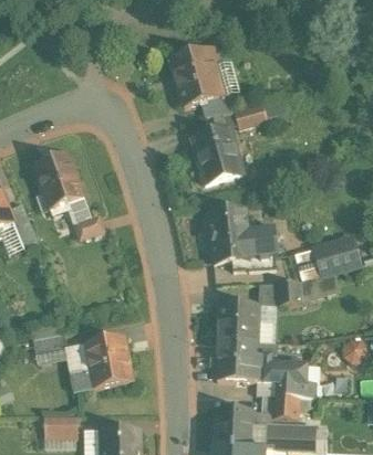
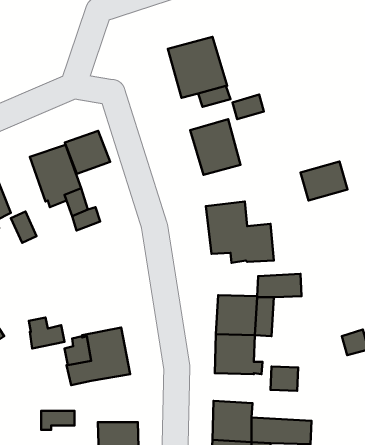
building: none -> [65,131,110,174]
building: [313,235,360,274] -> [301,162,347,200]
building: [261,394,299,417] -> none

